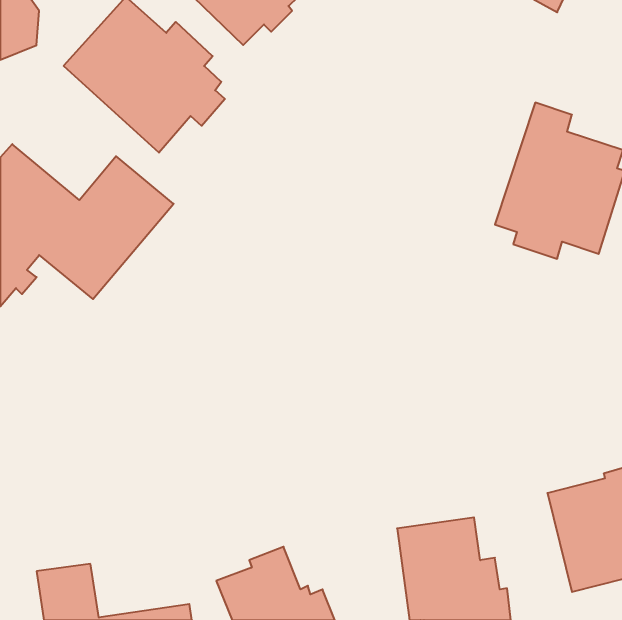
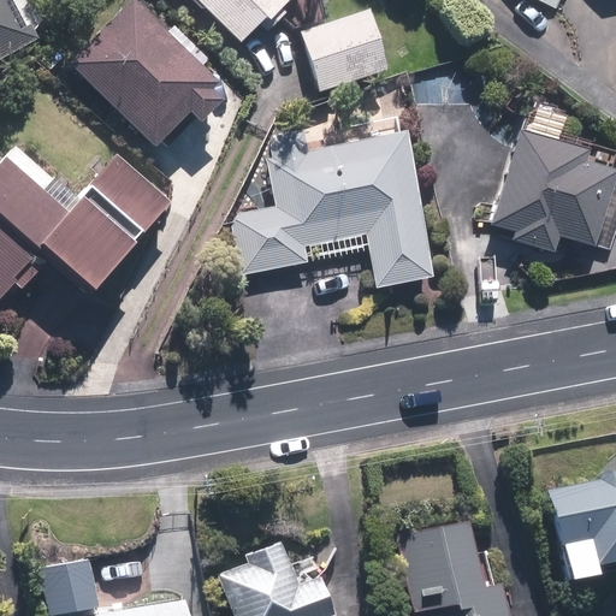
building: none -> [302,10,387,93]
building: none -> [231,113,433,285]

